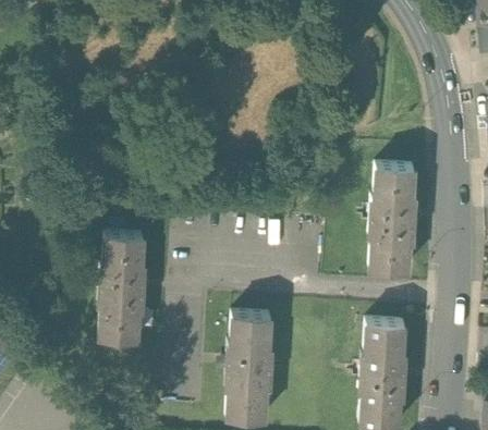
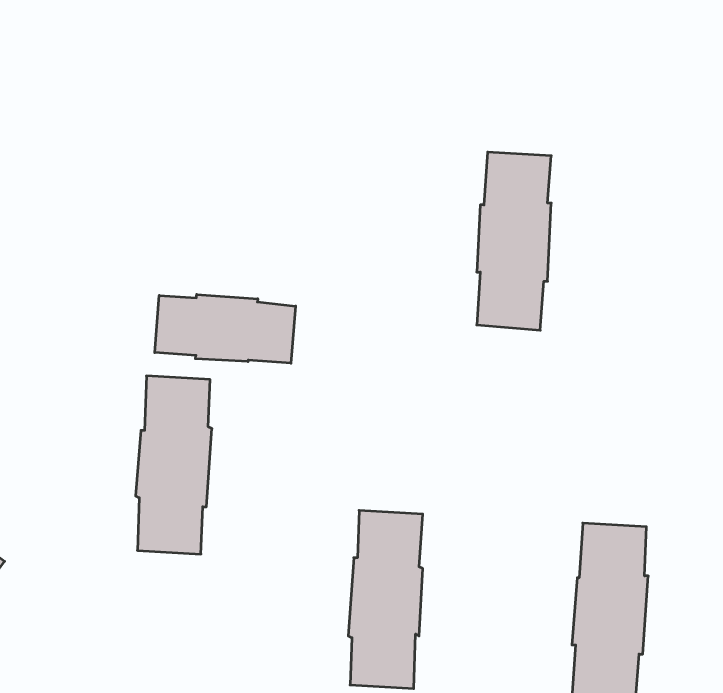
building: [369,163,414,270] -> [477,152,551,330]
building: none -> [155,294,296,363]

